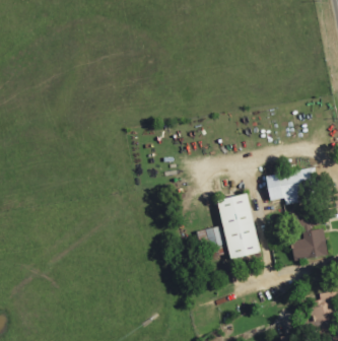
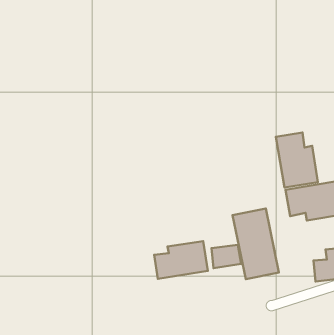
building: none -> [276,132,318,188]
building: none -> [154,241,208,279]

